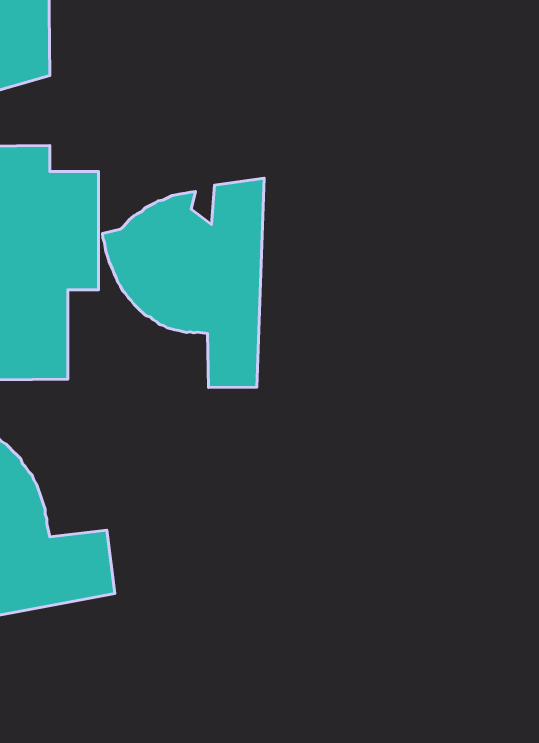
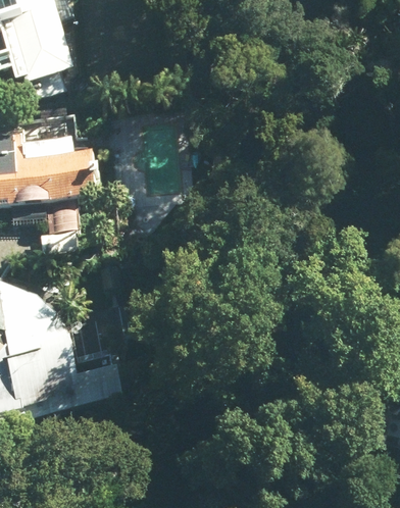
building: [102,178,264,387] -> none

